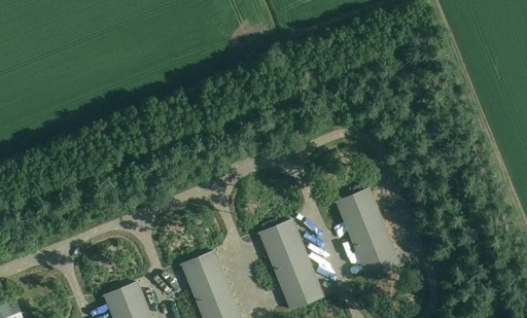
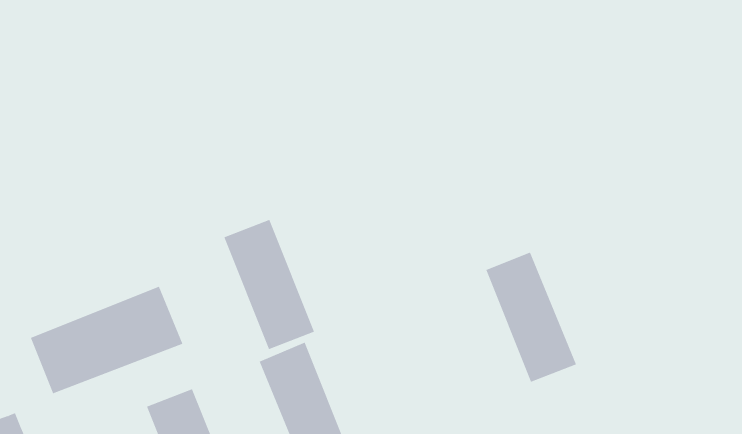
building: none -> [30,286,183,394]
building: [259,218,322,308] -> [223,219,315,350]

